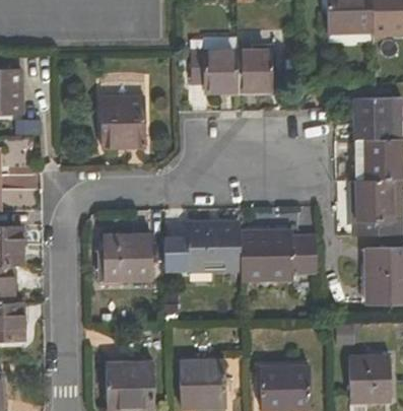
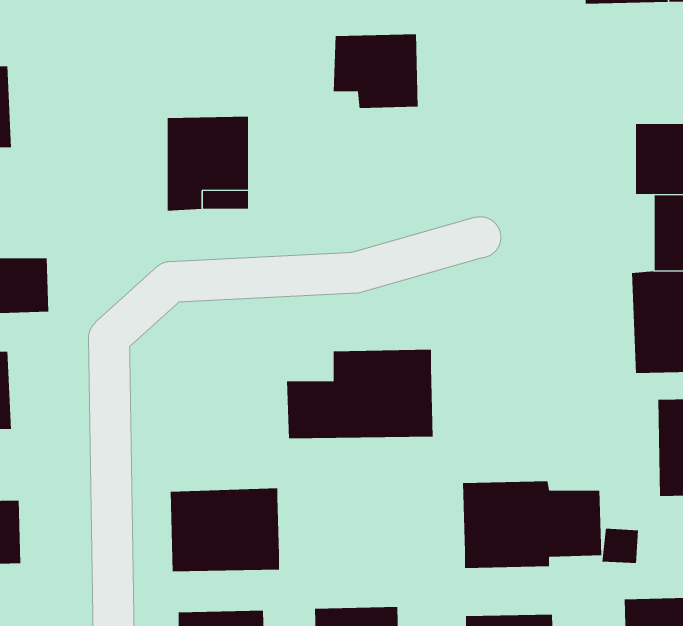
building: [236,50,272,90] -> none
building: [244,231,320,279] -> [462,481,602,568]
building: [106,234,165,280] -> [170,488,280,572]

